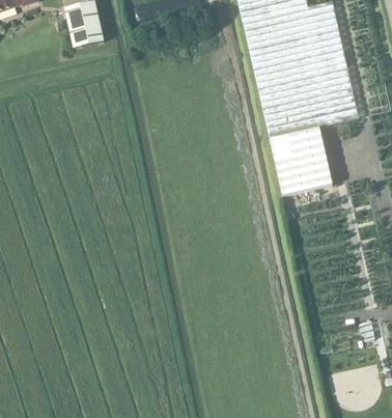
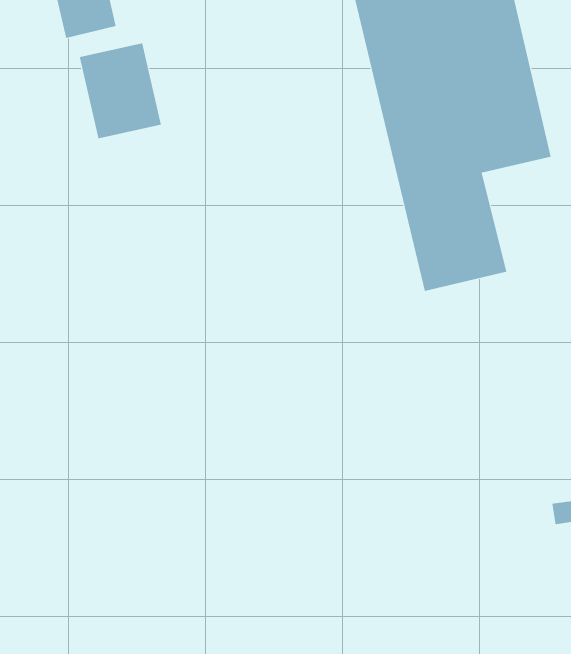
building: none -> [79,43,162,139]

